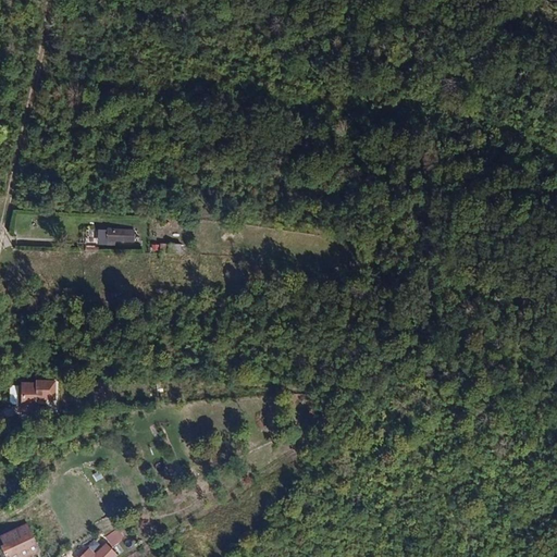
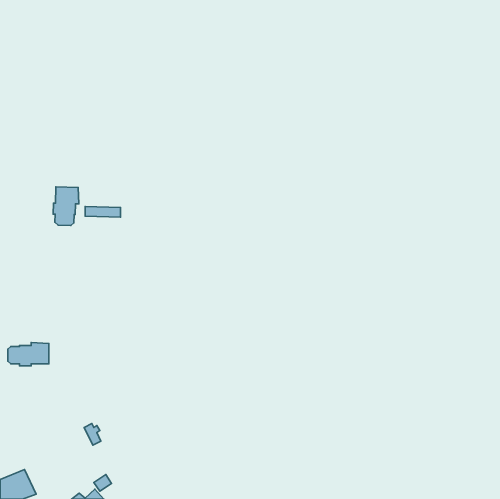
building: none -> [53,187,79,225]

